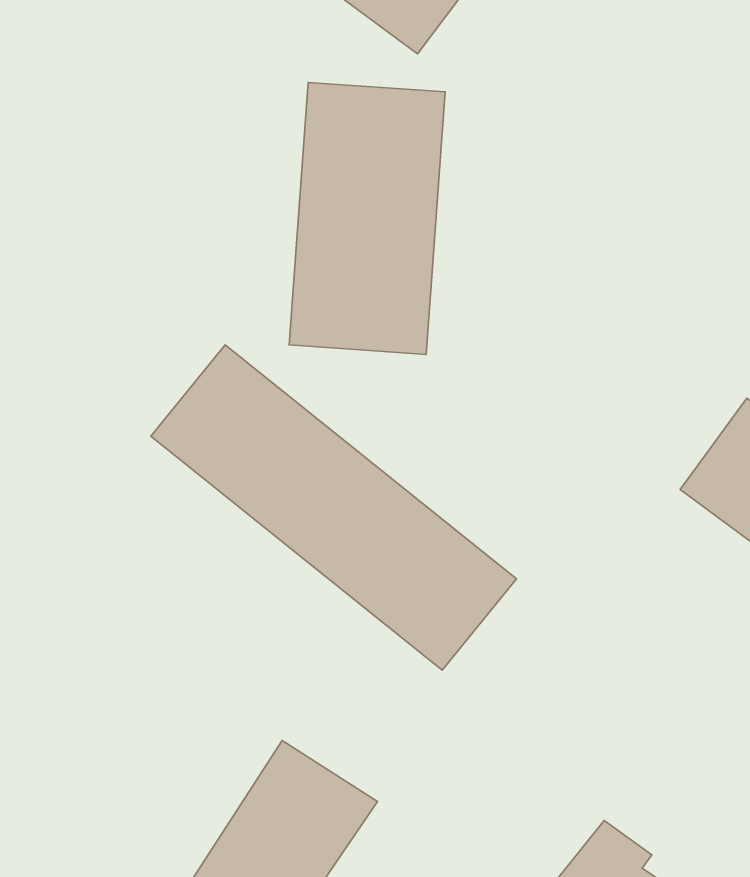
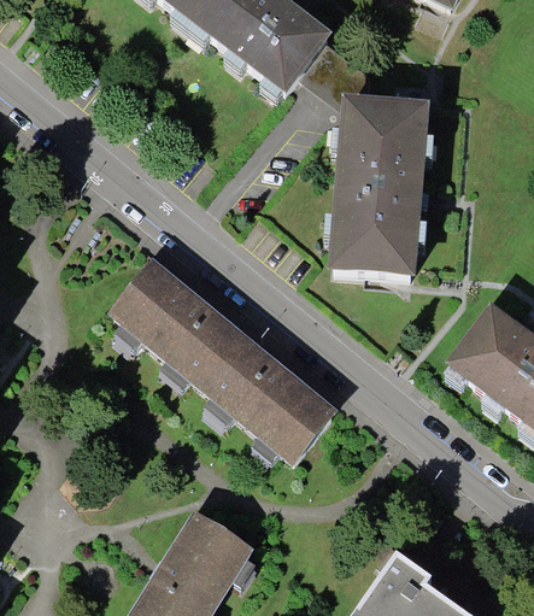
building: [289,82,445,355] -> [328,99,427,271]

